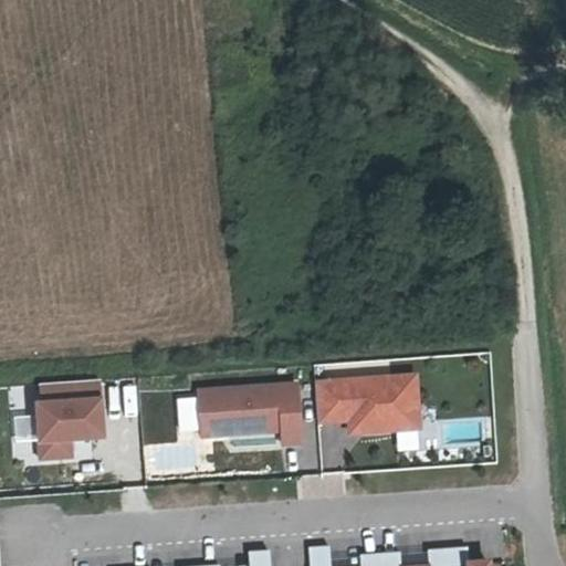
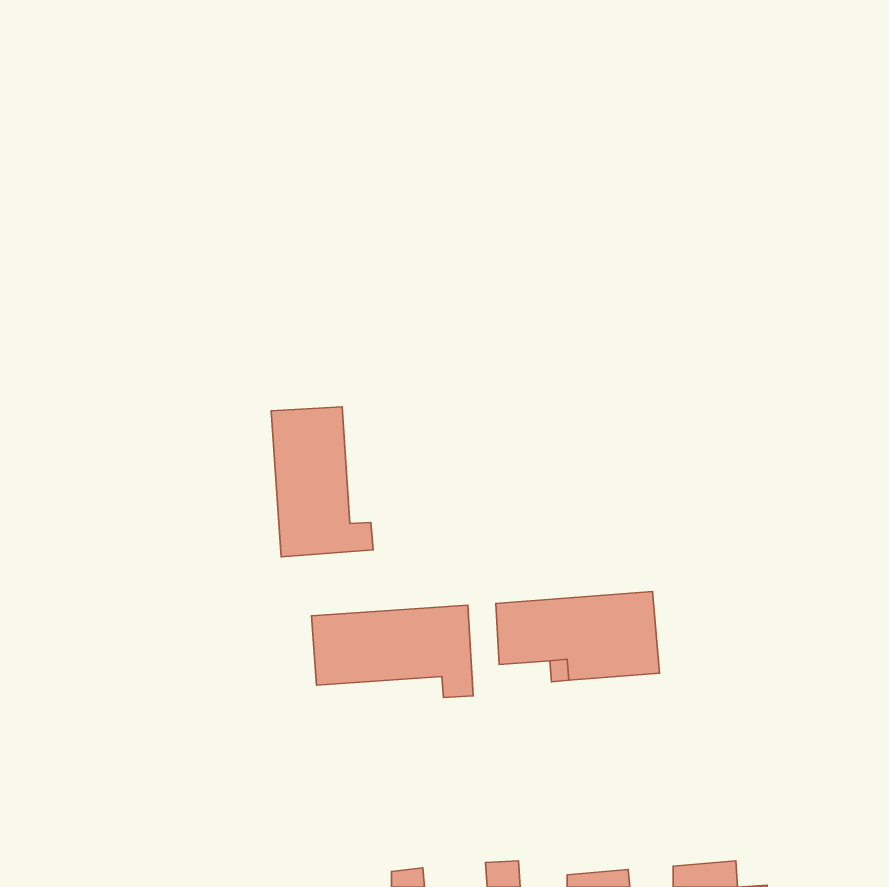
building: none -> [271,407,373,557]
building: [35,381,101,460] -> none

